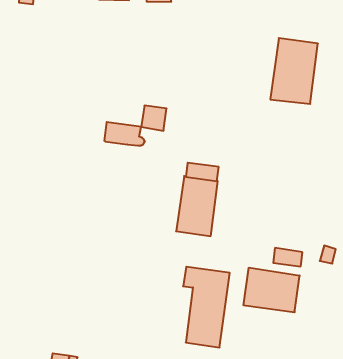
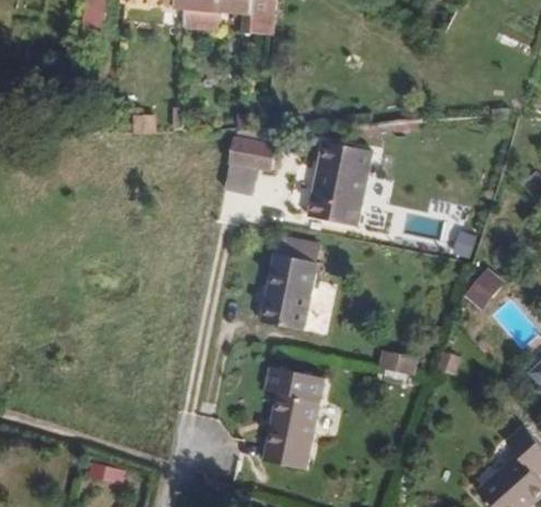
building: [270,38,318,104] -> [308,141,372,225]
building: [104,122,145,146] -> [229,137,279,169]
building: [244,268,300,312] -> none

